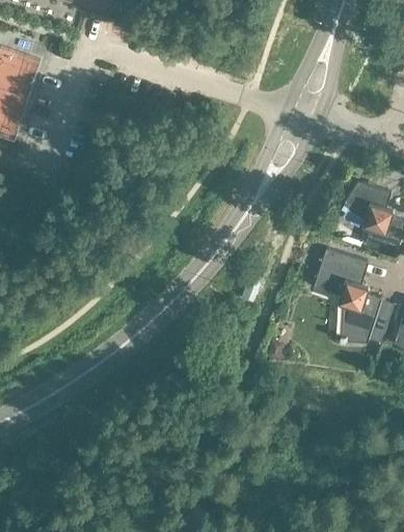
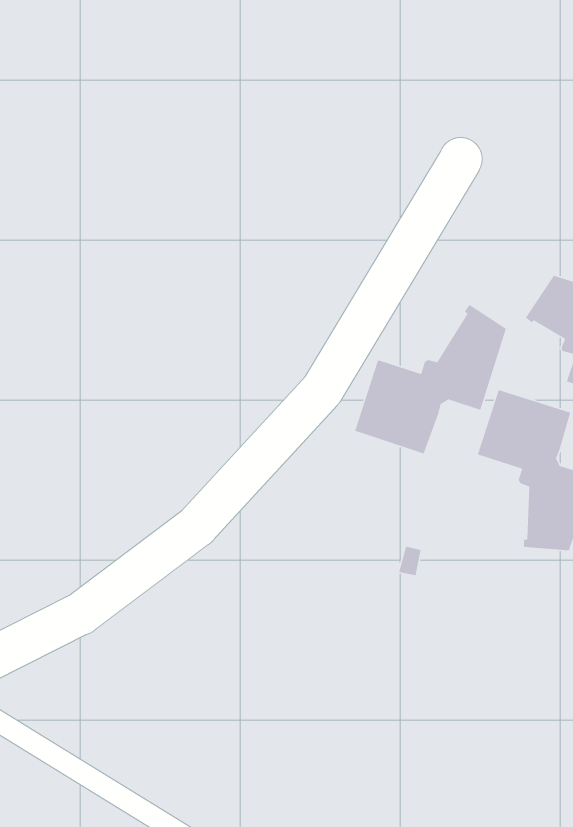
building: none -> [354,304,507,455]

